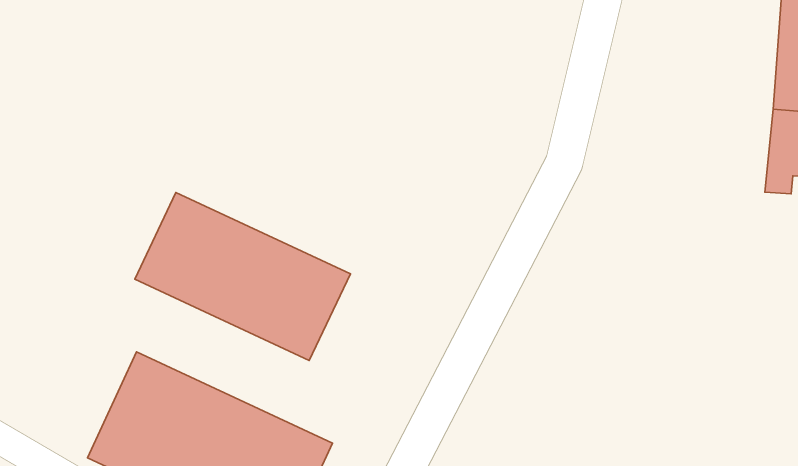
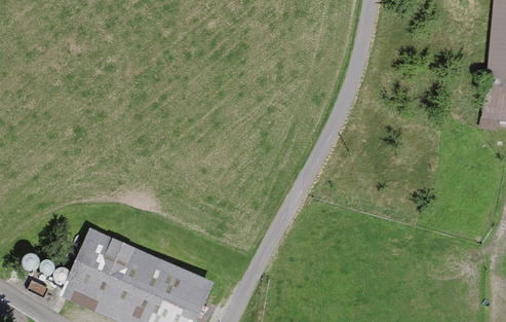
building: [135,192,350,361] -> none

